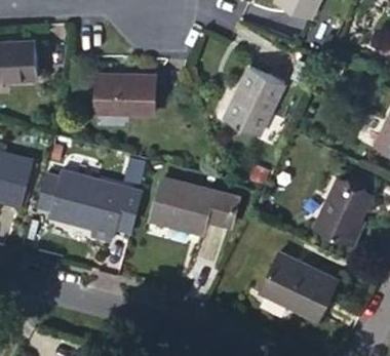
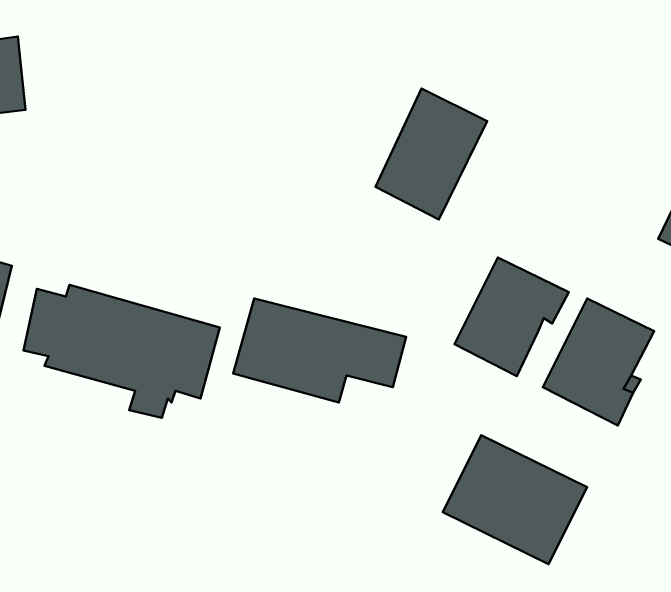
building: [95,73,155,115] -> none
building: none -> [455,258,569,376]

